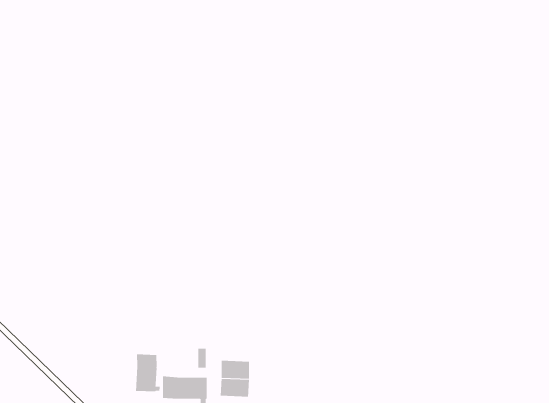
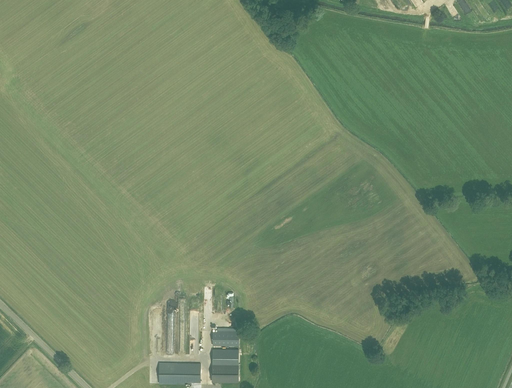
building: none -> [212,331,238,345]
building: [136,354,160,392] -> none

